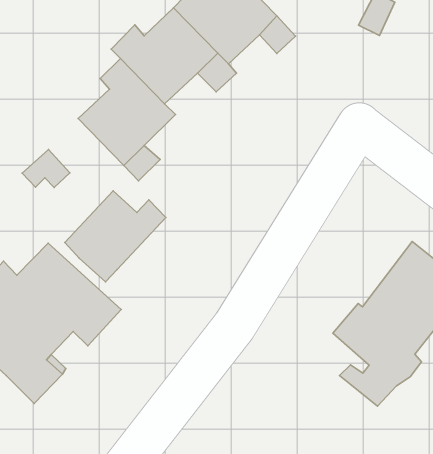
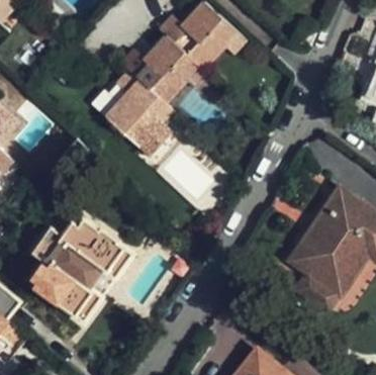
building: [65,191,166,282] -> none

